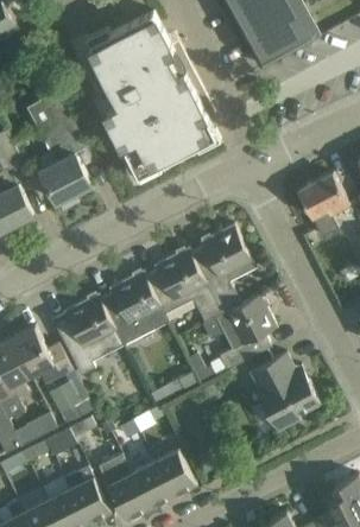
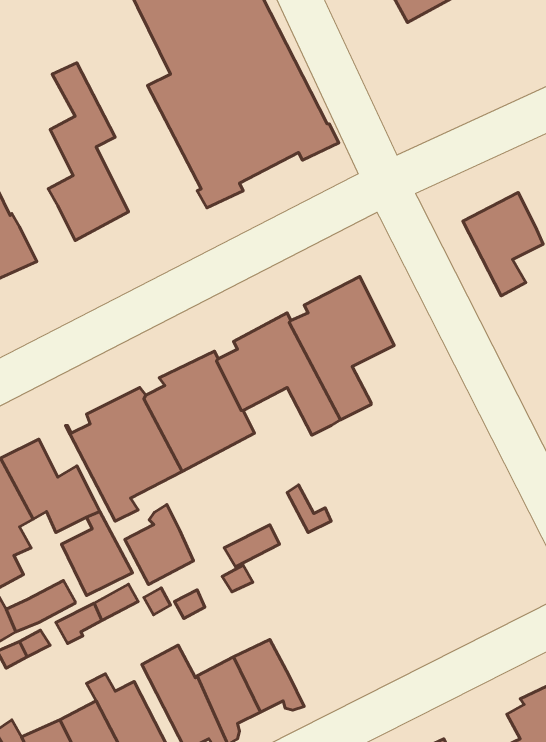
building: [215,293,276,370] -> none
building: [248,353,318,430] -> none
building: none -> [125,504,194,585]

